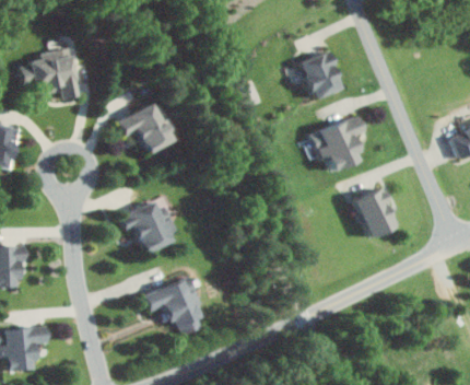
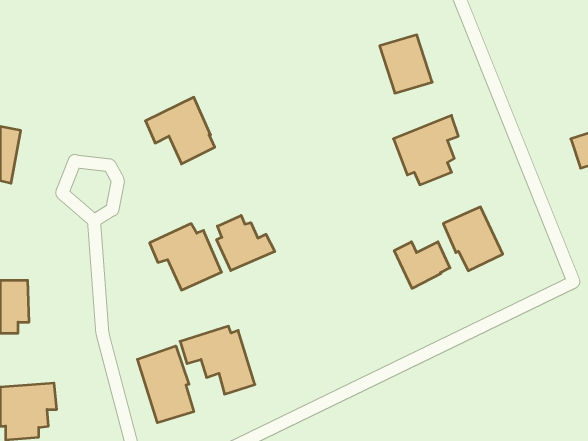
building: [32,48,79,98] -> none
building: none -> [217,215,275,271]
building: none -> [394,242,450,288]
building: none -> [137,346,194,423]

